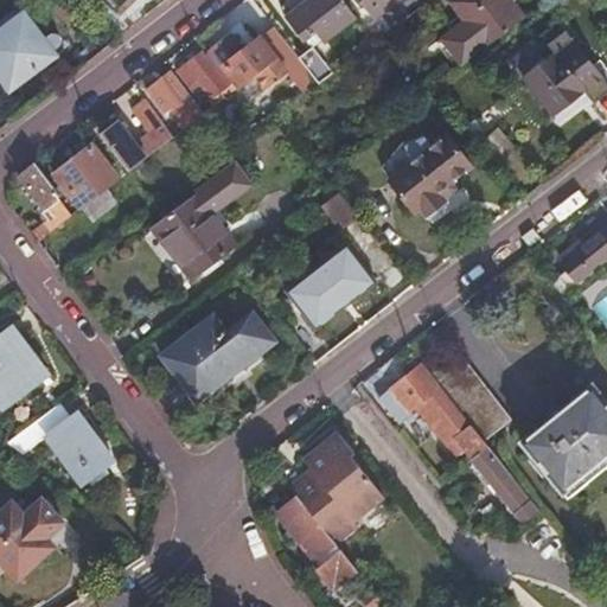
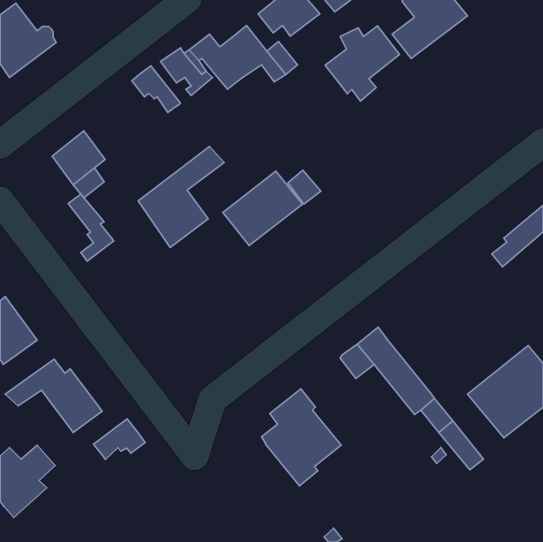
building: [520,39,601,113] -> none
building: [102,101,174,171] -> none
building: [388,135,471,219] -> [325,26,400,101]
building: [19,162,70,237] -> [68,194,114,261]
building: [287,243,376,326] -> [223,171,302,245]
building: [160,311,275,400] -> none
building: [433,359,509,440] -> none
building: none -> [94,419,145,459]
building: [279,496,357,588] -> none

